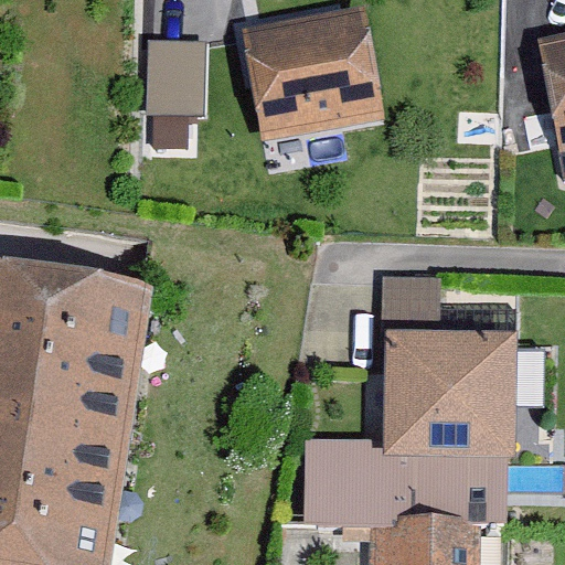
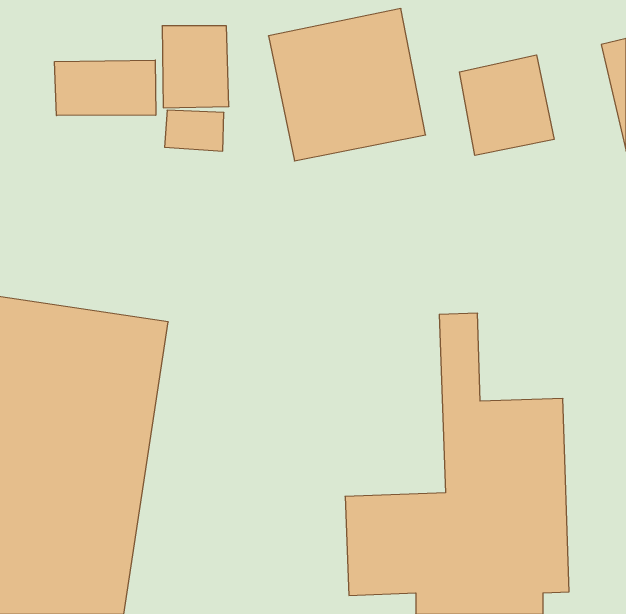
building: none -> [459,55,554,155]
building: none -> [55,60,156,116]

